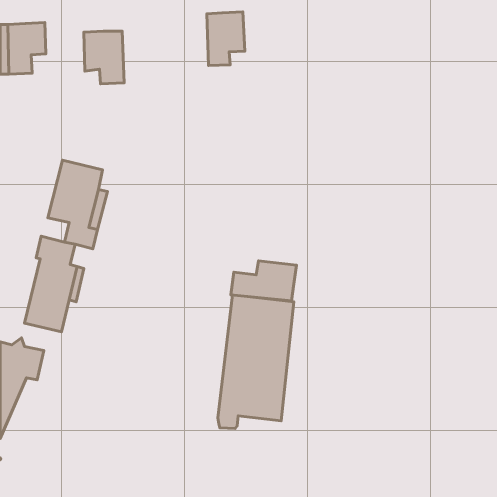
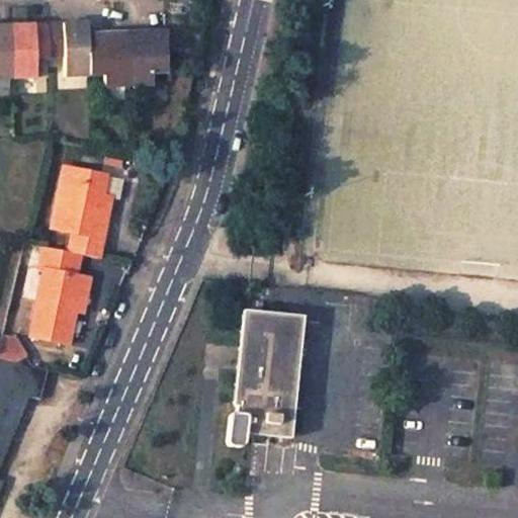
building: [207,12,245,66] -> [128,30,168,86]
building: none -> [49,21,90,74]
building: [231,261,297,301] -> none

